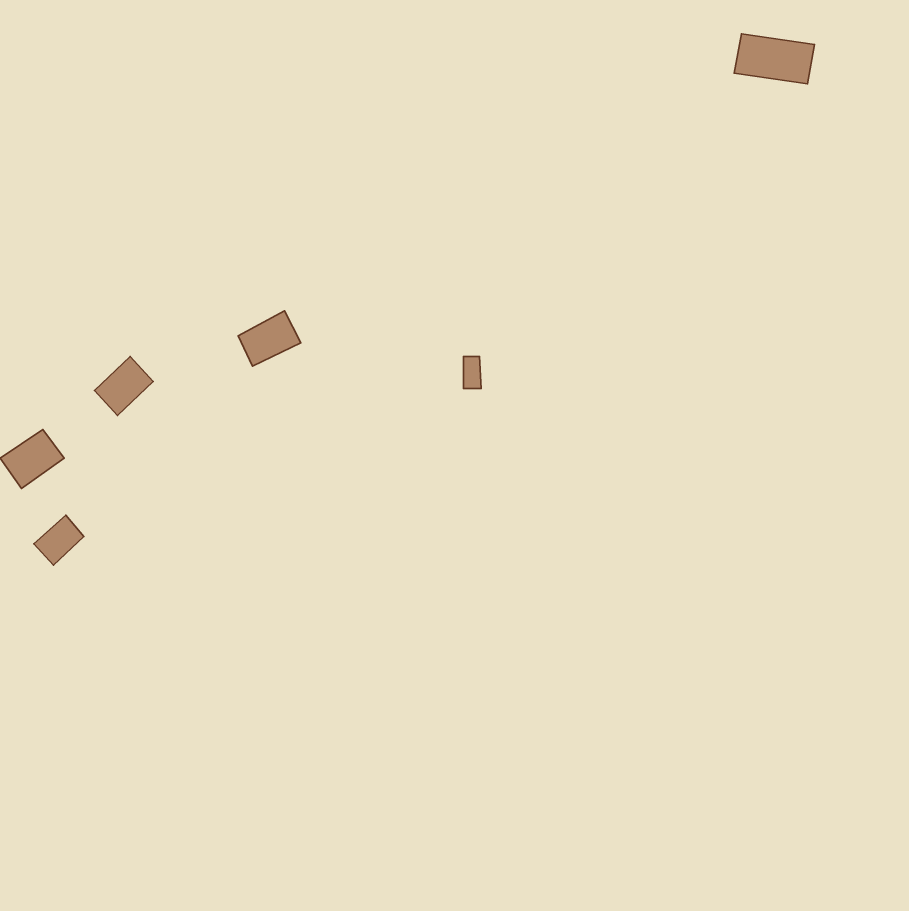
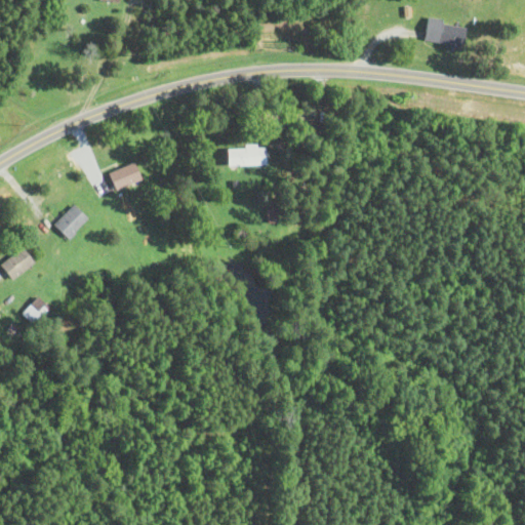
building: none -> [226,148,266,166]
building: [238,311,301,366] -> [108,162,144,194]

